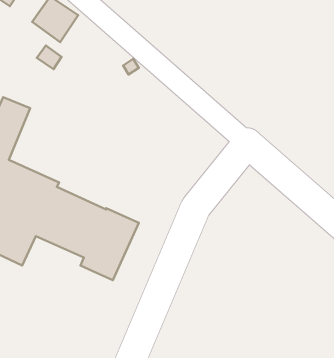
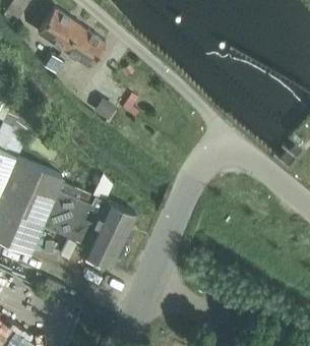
building: none -> [61,22,103,64]

